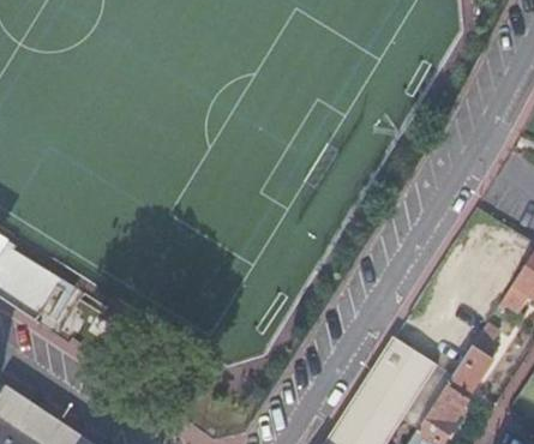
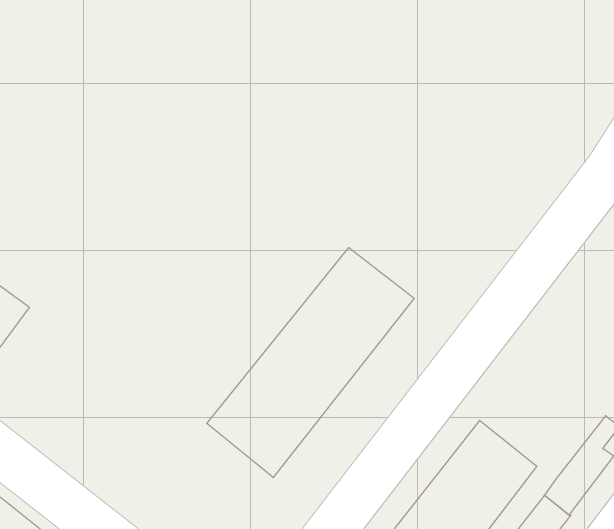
building: none -> [207,248,414,478]

